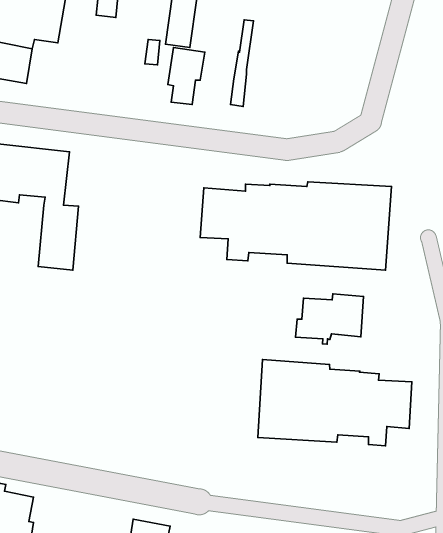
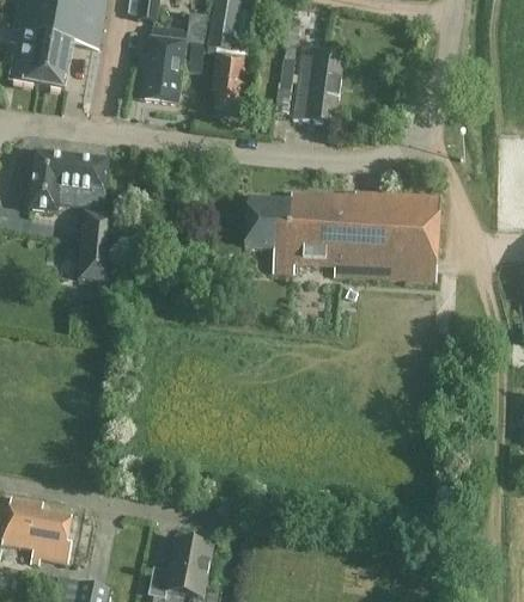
building: none -> [138,25,188,103]
building: none -> [292,45,343,122]
building: [295,294,363,344] -> none
building: [258,359,412,446] -> none

